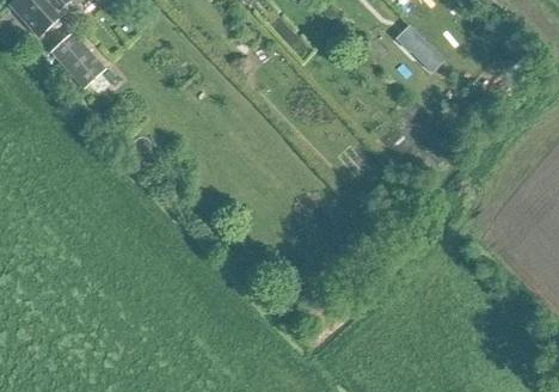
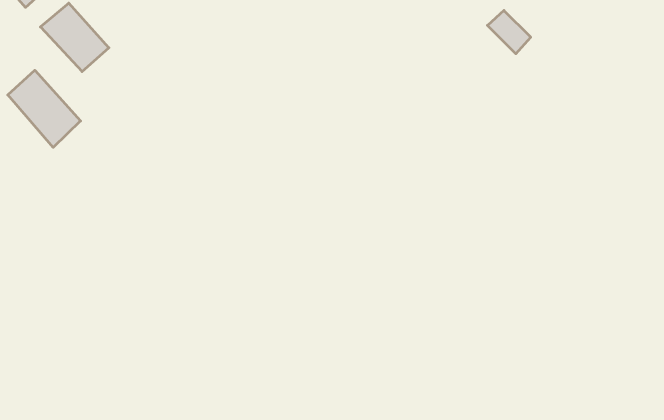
building: none -> [8,70,81,147]

